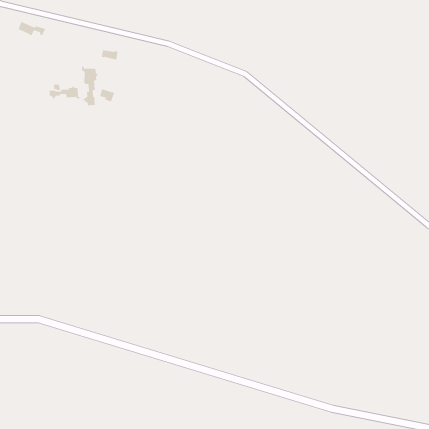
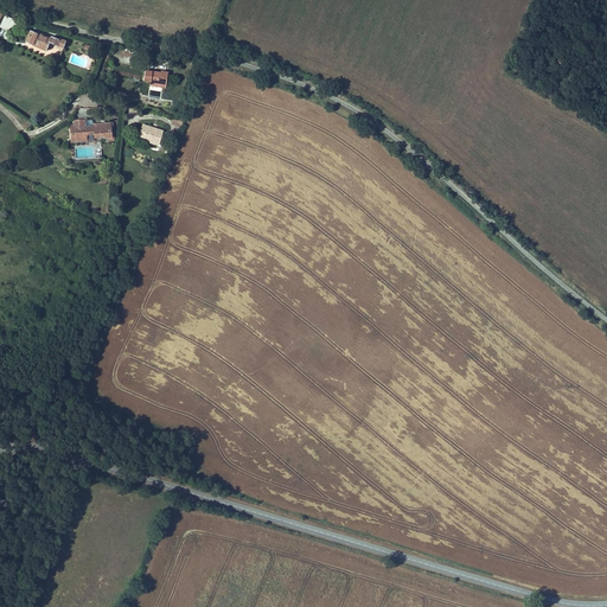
building: [81,66,99,106] -> none

